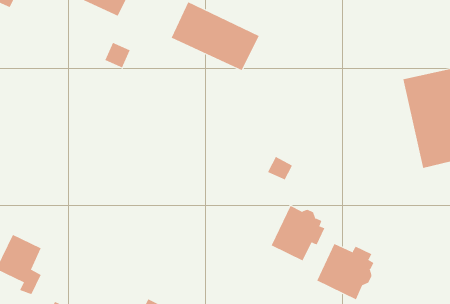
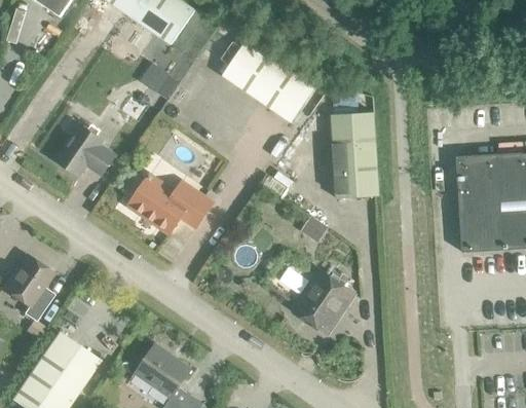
building: none -> [331,113,379,199]
building: none -> [54,125,115,178]
building: none -> [127,176,213,234]
building: [316,243,374,300] -> none

